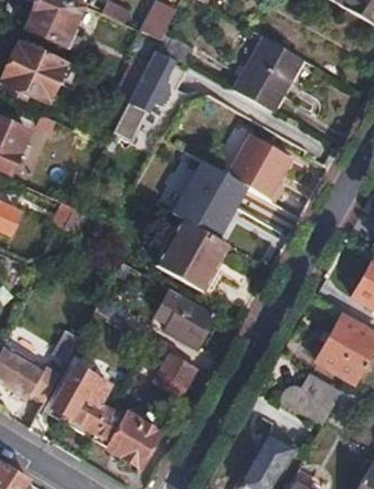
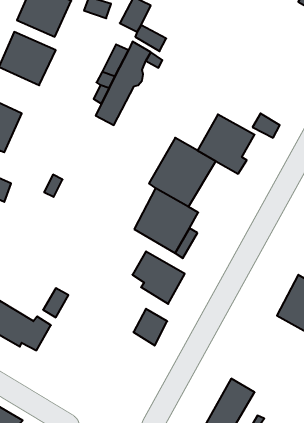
building: [234,36,304,111] -> none
building: [56,366,160,466] -> none
building: [280,374,342,426] -> none

